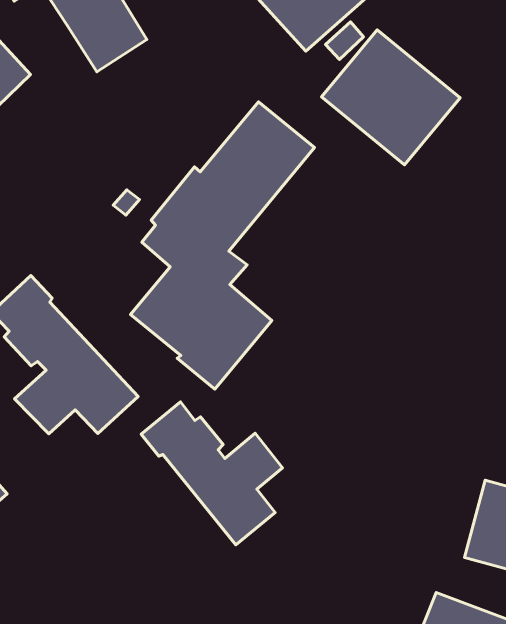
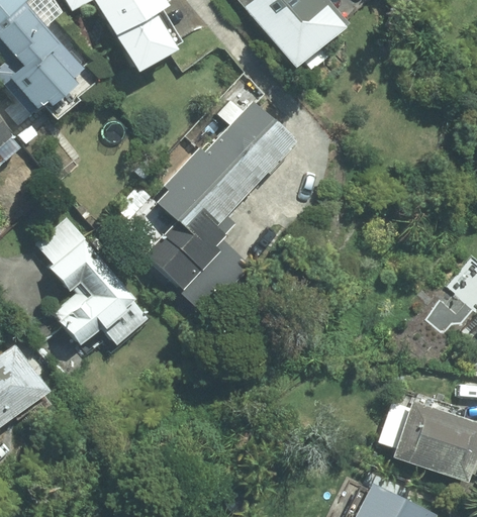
building: [321,30,460,165] -> none
building: [141,402,282,545] -> none

